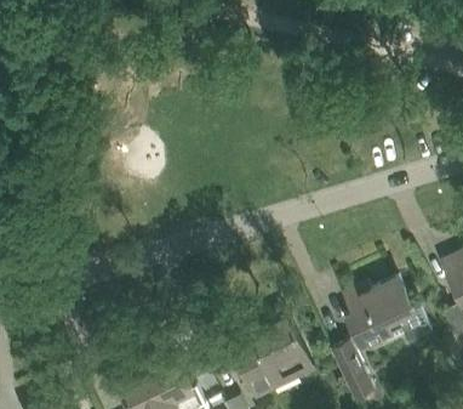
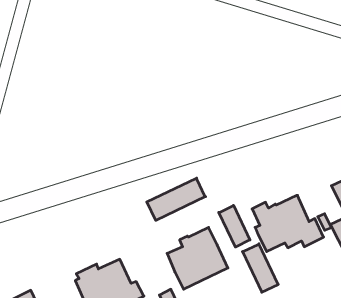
building: none -> [147,178,206,220]
building: none -> [219,205,250,247]

